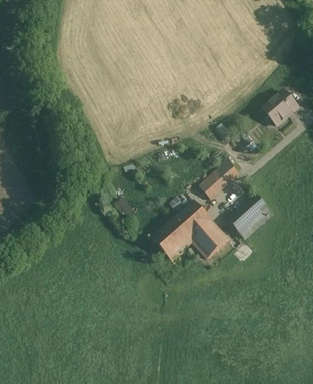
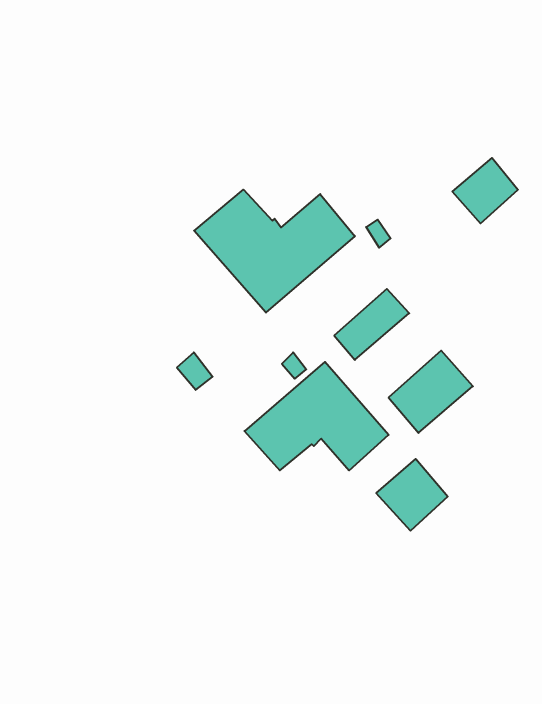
building: none -> [194,190,355,313]
building: none -> [376,459,448,531]

